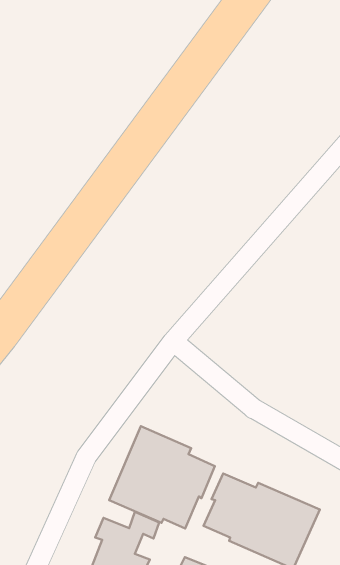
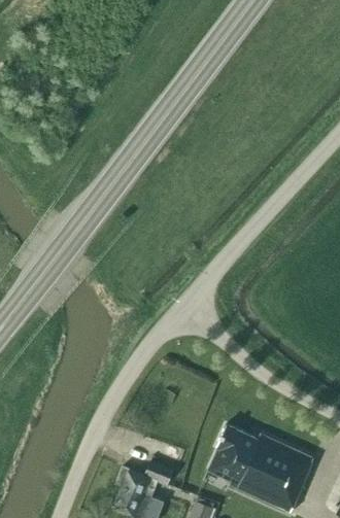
building: [109,426,215,528] -> none

